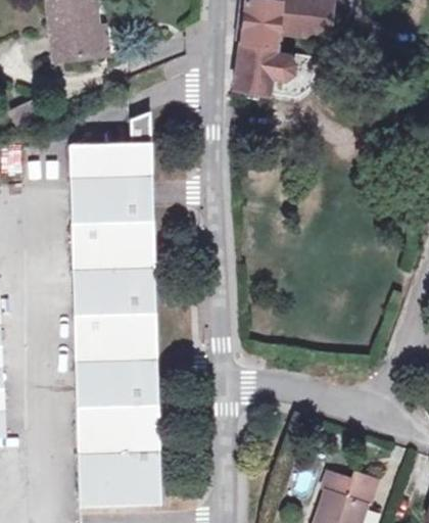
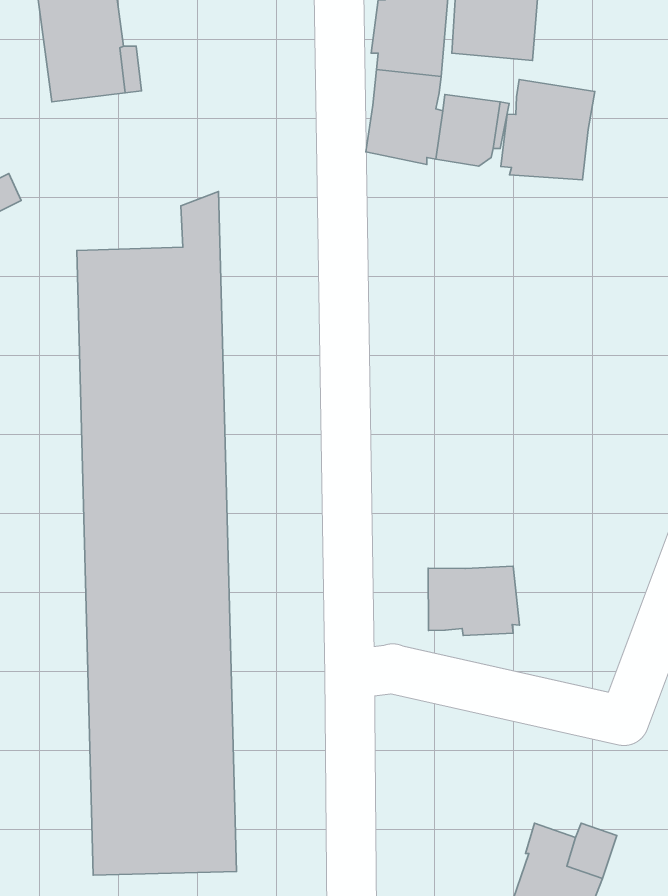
building: none -> [501,80,595,180]
building: none -> [428,566,519,635]

